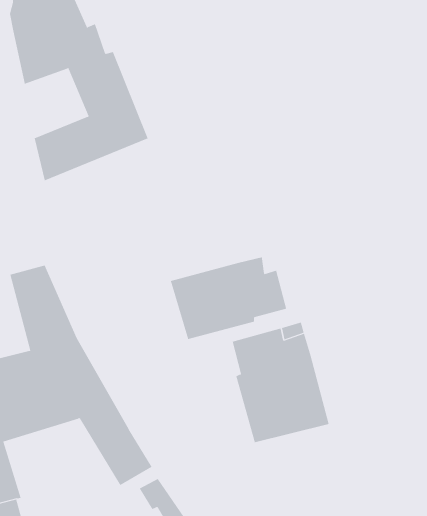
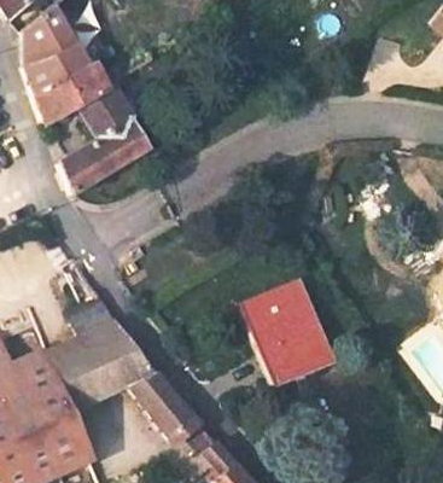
building: [170,256,287,340] -> none

